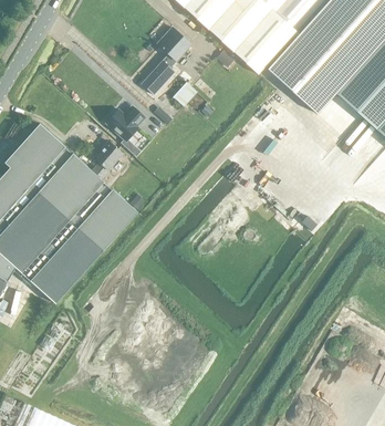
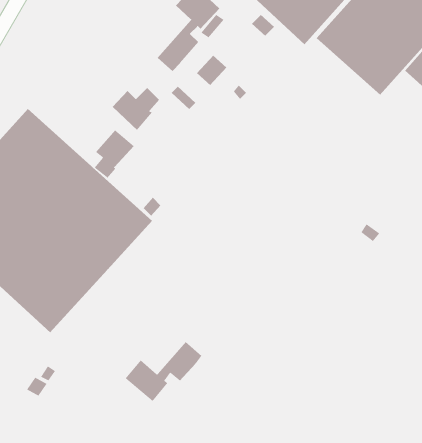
building: none -> [125,341,202,402]

